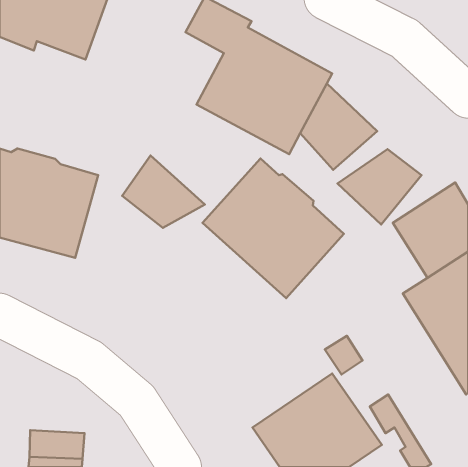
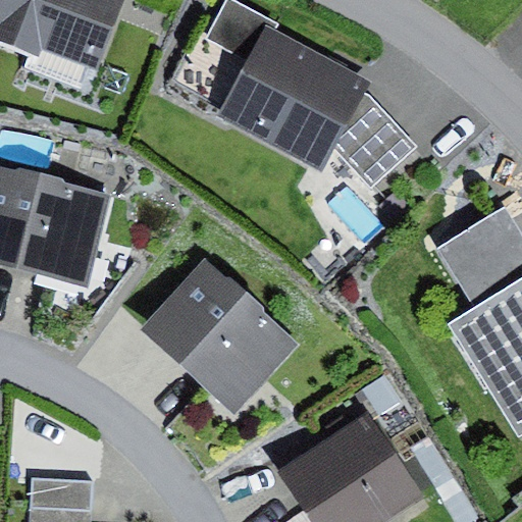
building: [338,149,421,225] -> none
building: [122,156,205,228] -> none
building: [203,159,344,298] -> [142,258,299,413]

